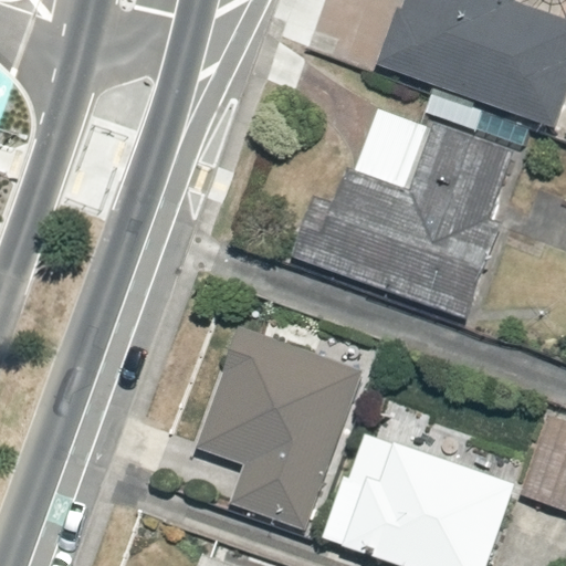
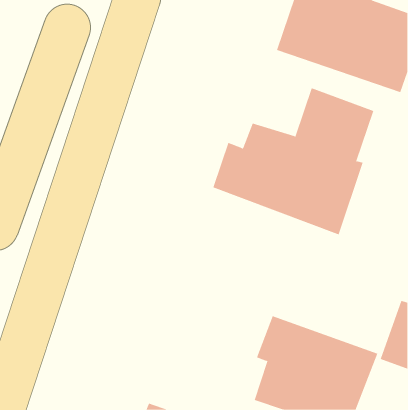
building: [197,325,361,532] -> none

